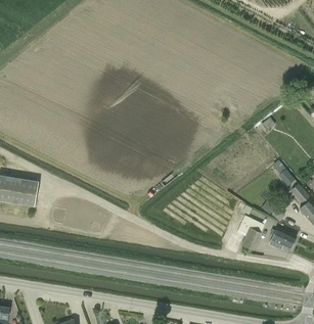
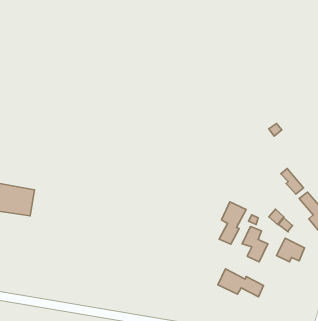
building: none -> [219,202,246,244]
building: none -> [218,269,263,297]

